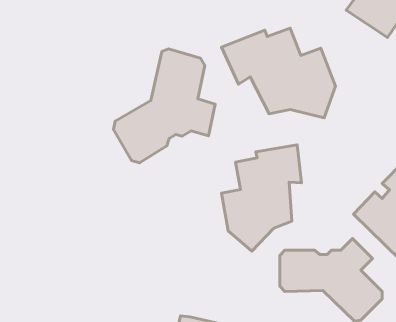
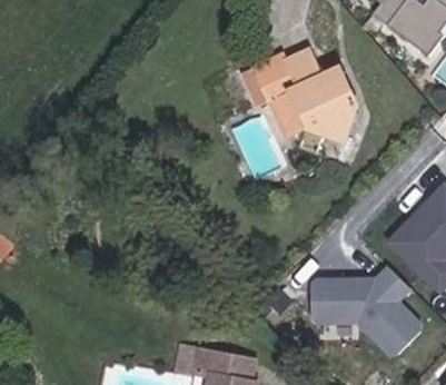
building: [113,49,215,163] -> none
building: [222,145,301,251] -> none

